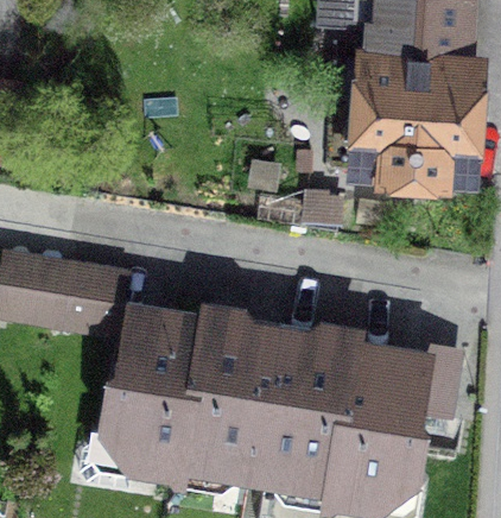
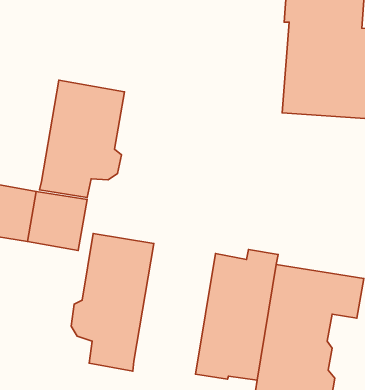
building: none -> [39,80,125,198]
building: [182,310,279,478] -> none

